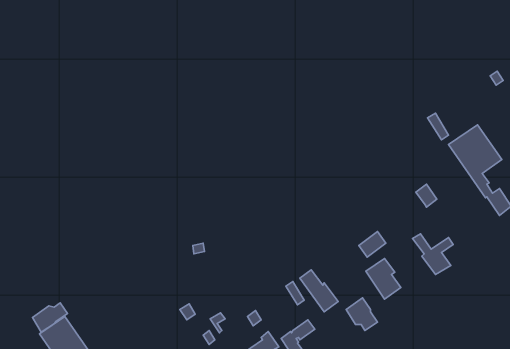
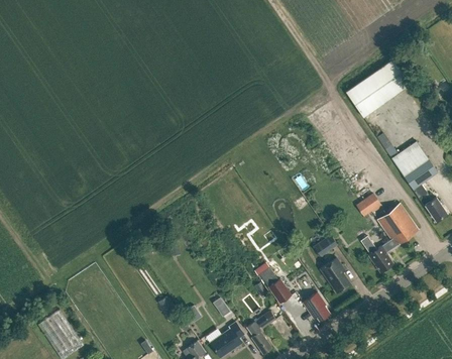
building: none -> [346,59,410,117]
building: none -> [376,203,419,245]
building: [32,303,68,332] -> none

